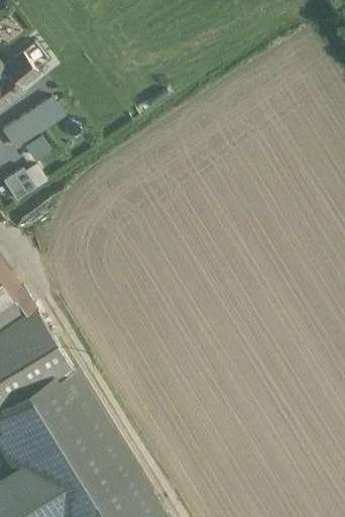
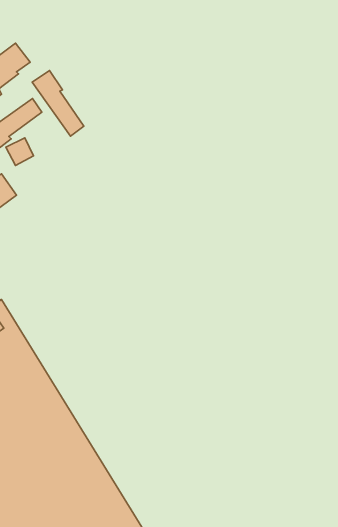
building: none -> [32,70,84,136]

